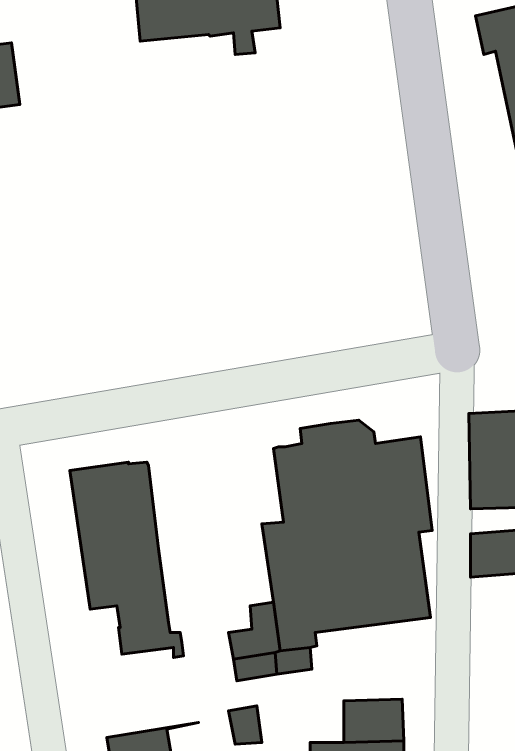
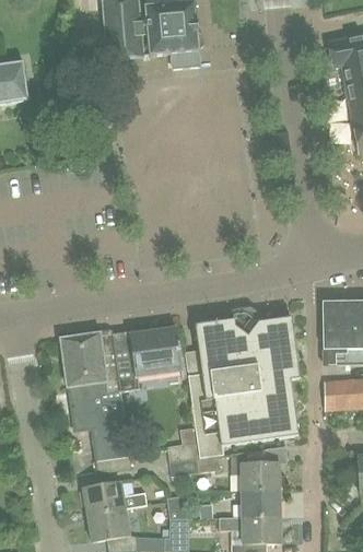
building: none -> [113,328,180,391]
building: none -> [230,447,281,491]
building: none -> [81,483,145,515]

